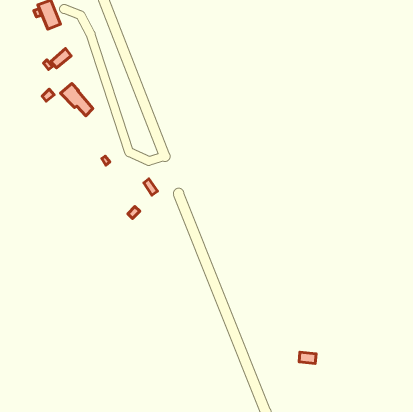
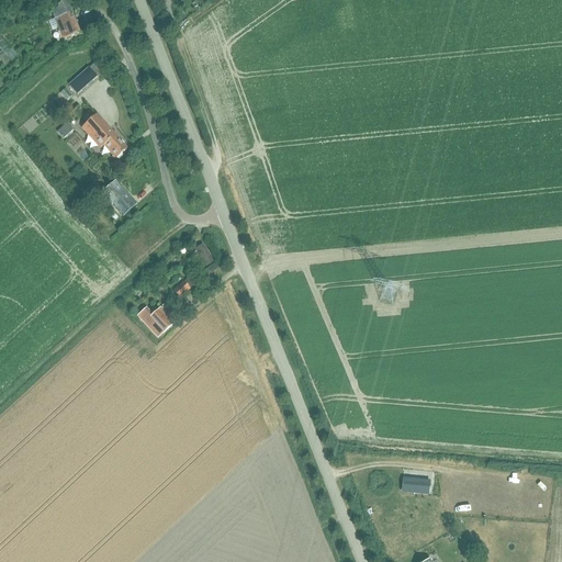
building: none -> [103,180,136,214]
building: none -> [138,303,172,336]

